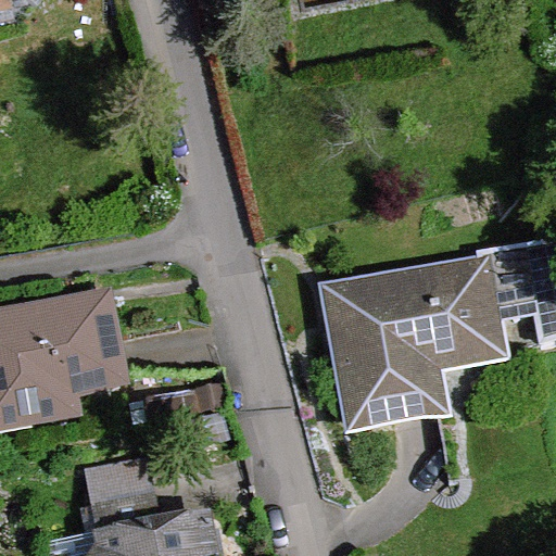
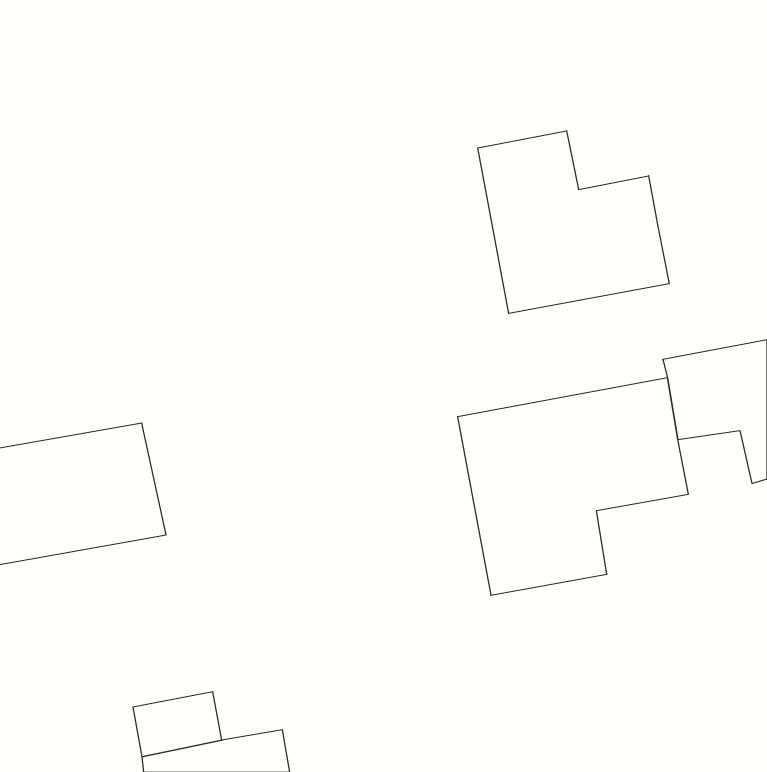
building: none -> [478,131,669,314]

